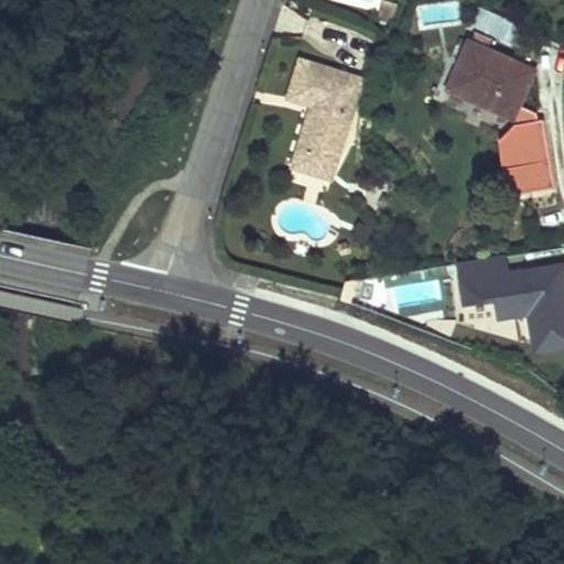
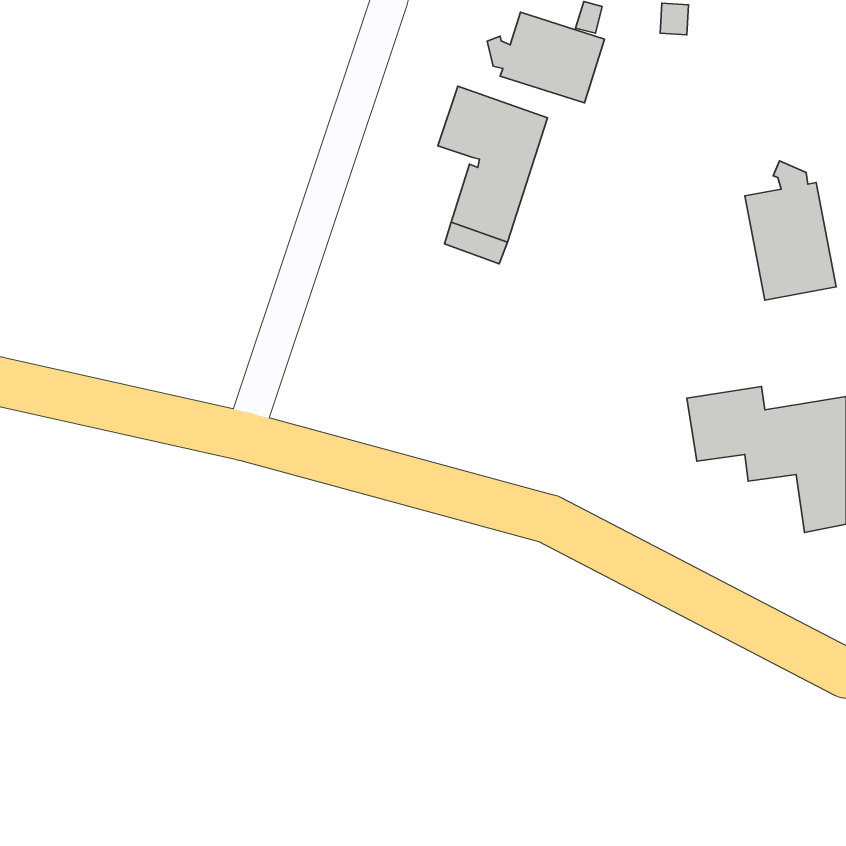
building: none -> [487,12,605,103]
building: [449,32,534,117] -> none

